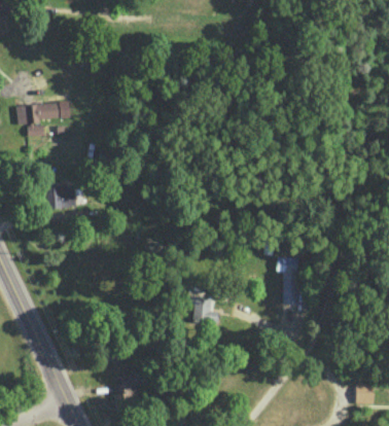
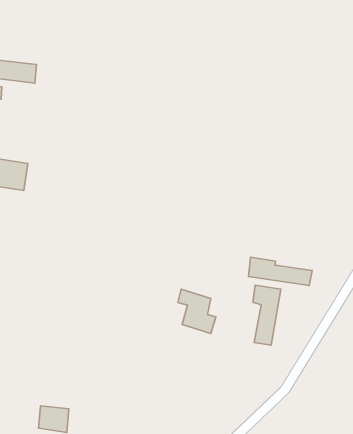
building: none -> [249,257,312,286]
building: [186,293,219,326] -> [178,289,216,334]

